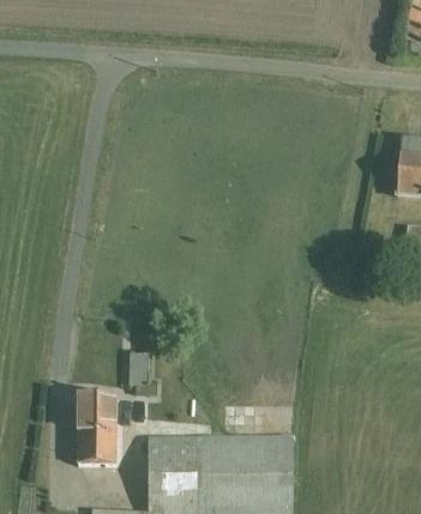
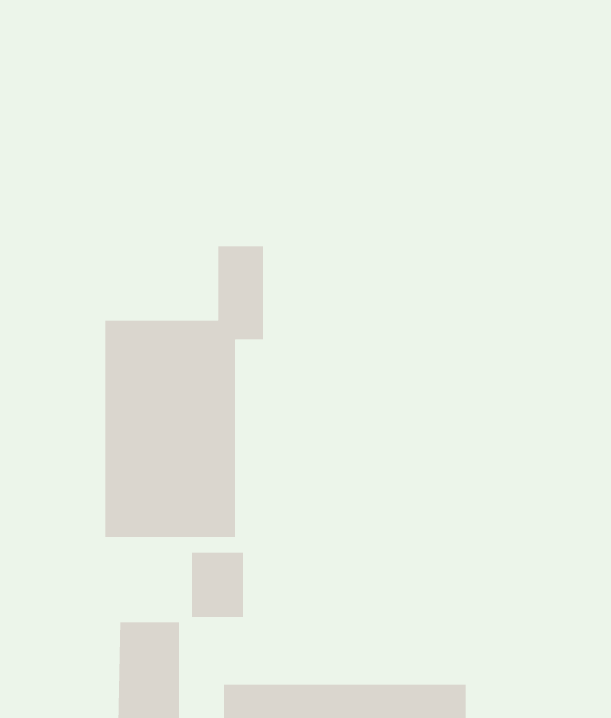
building: none -> [105,245,264,538]

